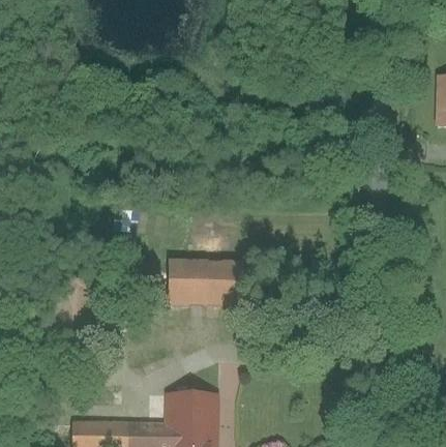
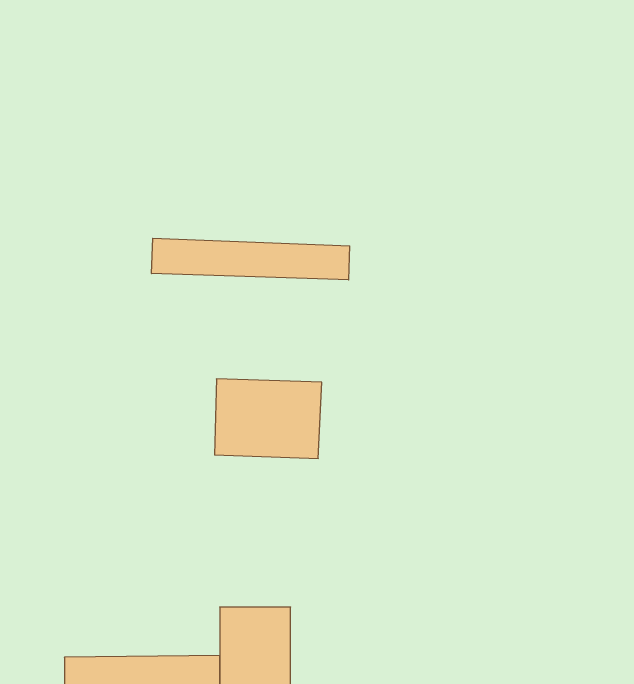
building: none -> [152,238,350,280]

